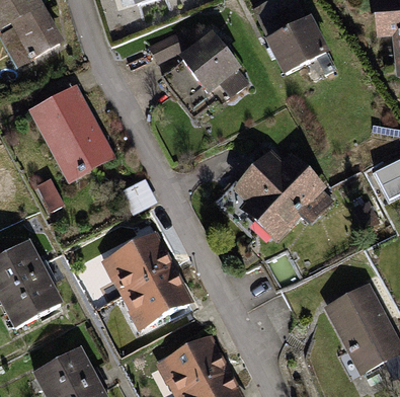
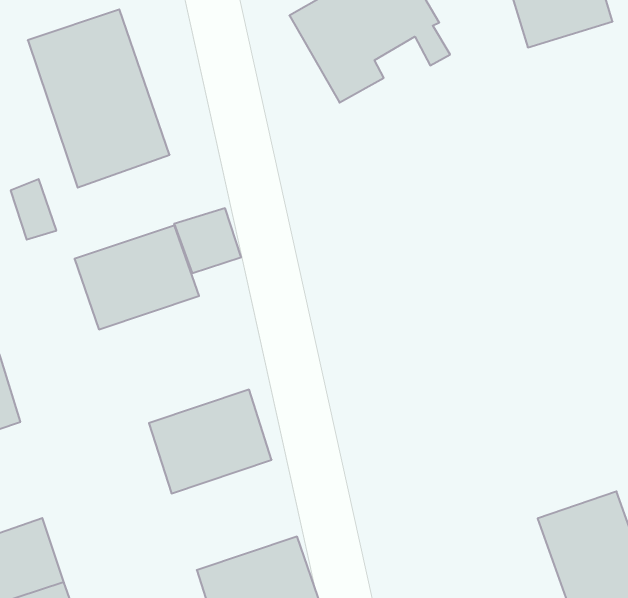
building: [216,153,327,234] -> none
building: [106,233,172,292] -> [74,225,199,329]

